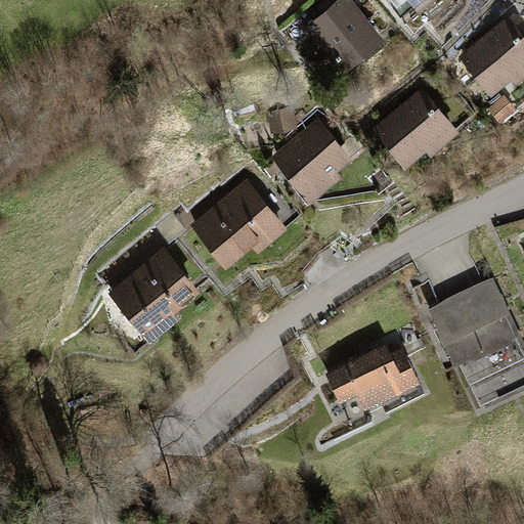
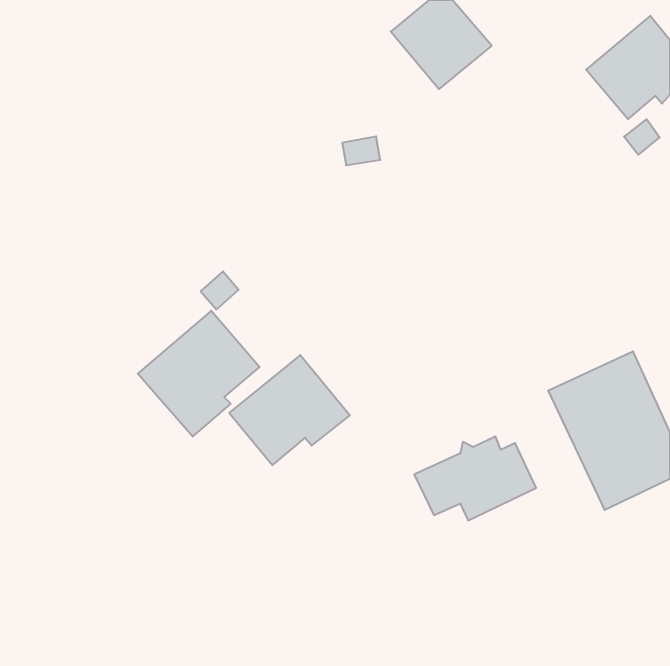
building: [374,88,457,166] -> none
building: [272,119,351,203] -> none
building: [191,181,286,267] -> [229,355,350,465]

